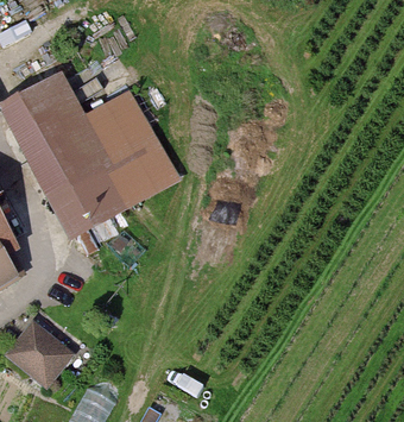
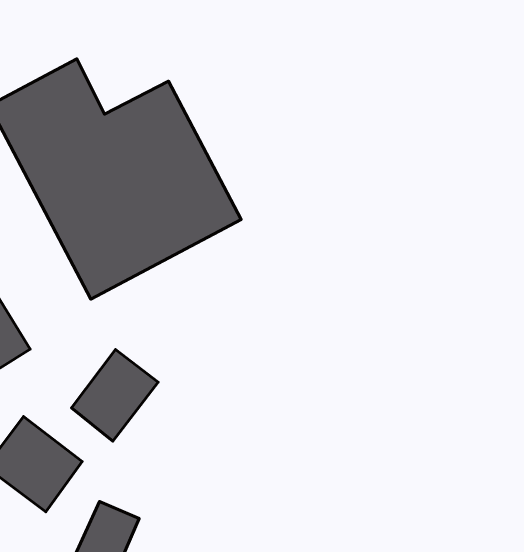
building: none -> [71,350,158,441]

